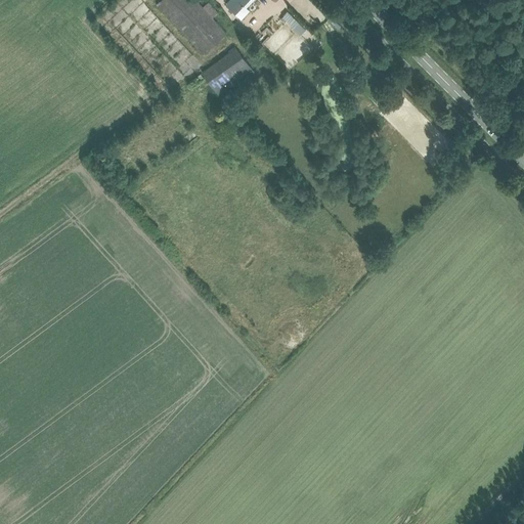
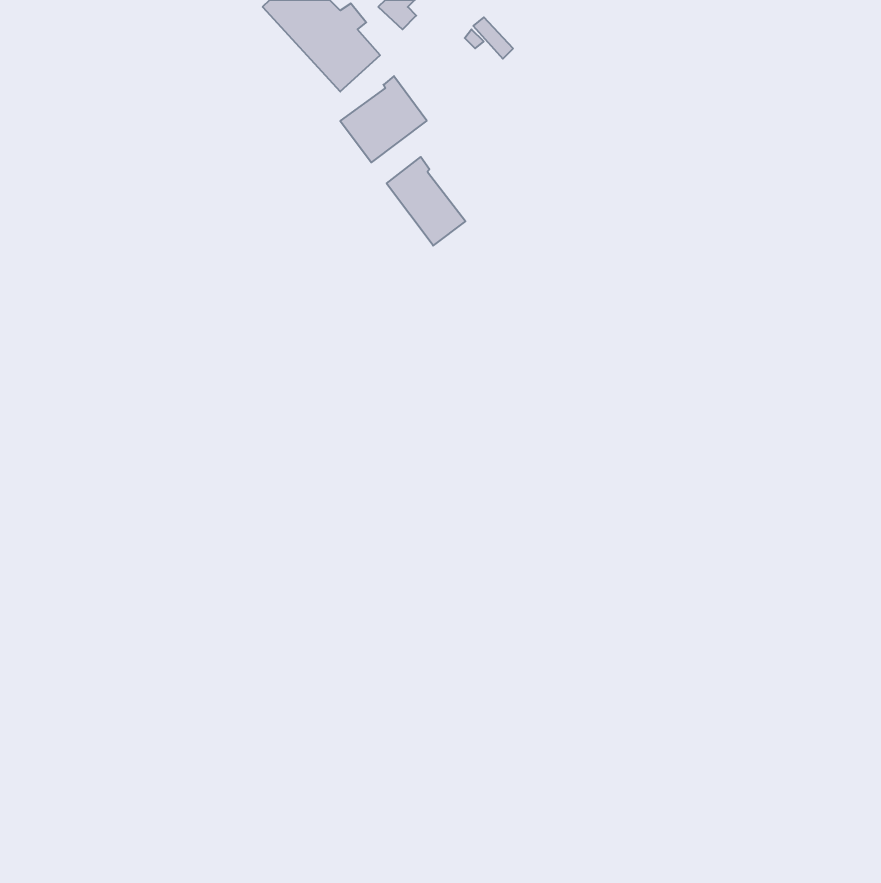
building: none -> [387,157,465,246]

